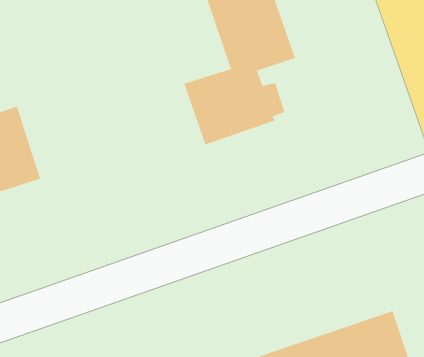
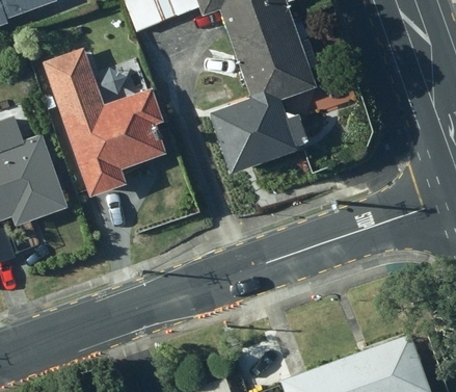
building: none -> [44,48,164,195]

